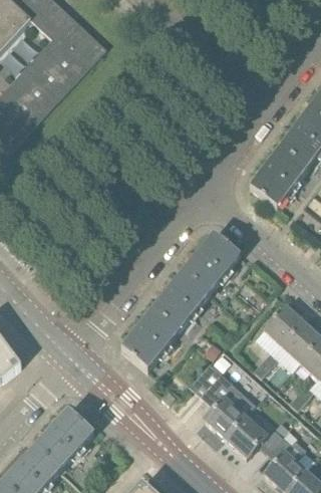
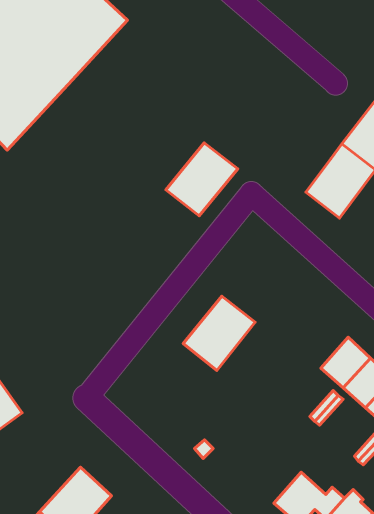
building: [183,233,241,292] -> [166,143,238,216]
building: [121,309,179,369] -> none
building: [190,360,247,439] -> none

